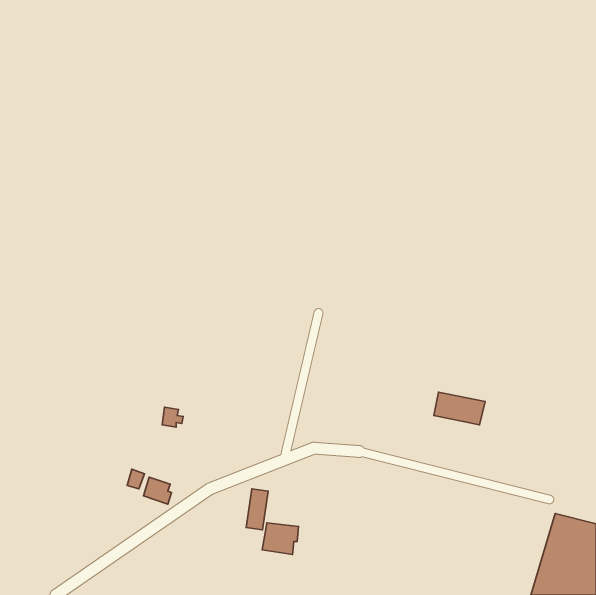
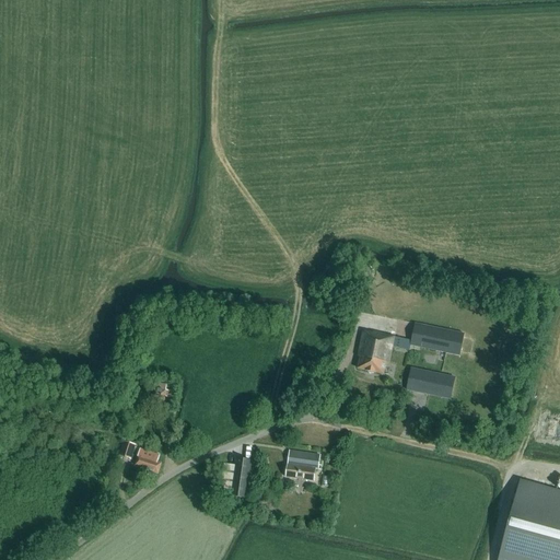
building: none -> [358,323,464,373]
building: [262,523,298,554] -> [285,451,319,480]

